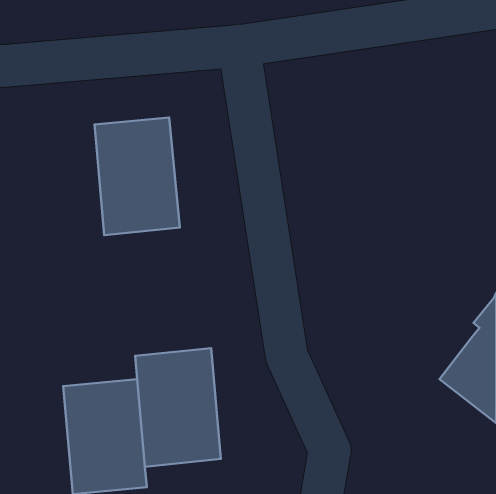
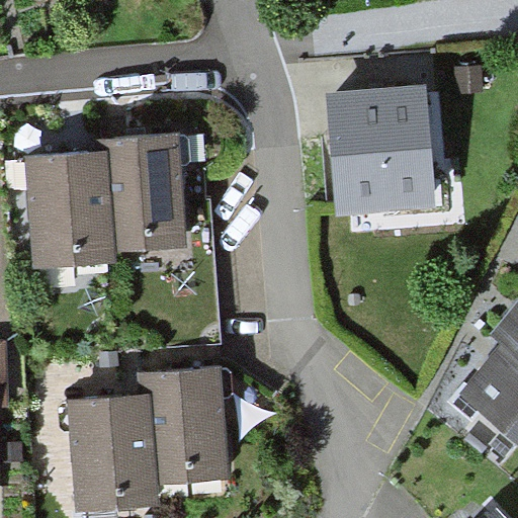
building: none -> [332,91,438,207]
building: none -> [24,152,109,270]

